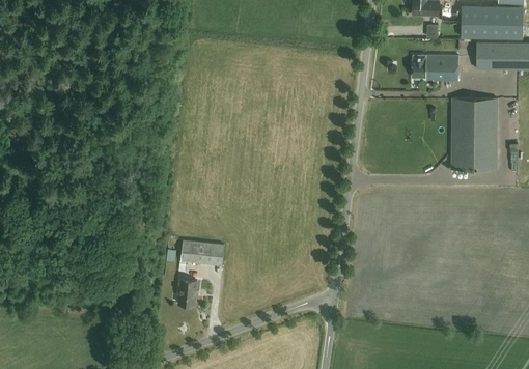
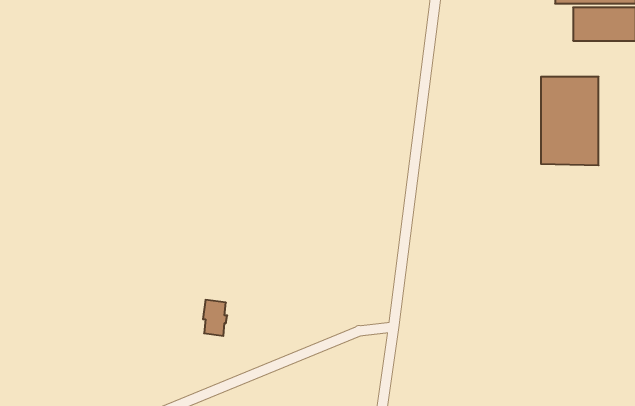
building: [412,55,457,80] -> none
building: [179,240,222,265] -> none

